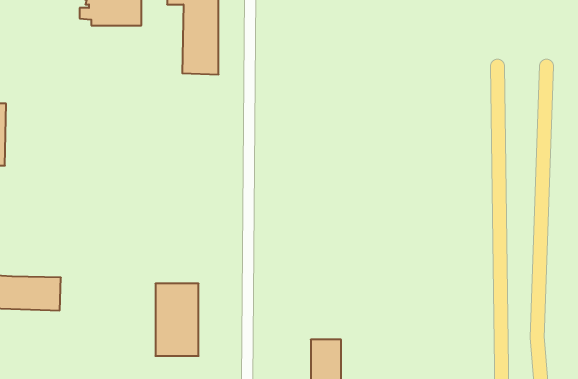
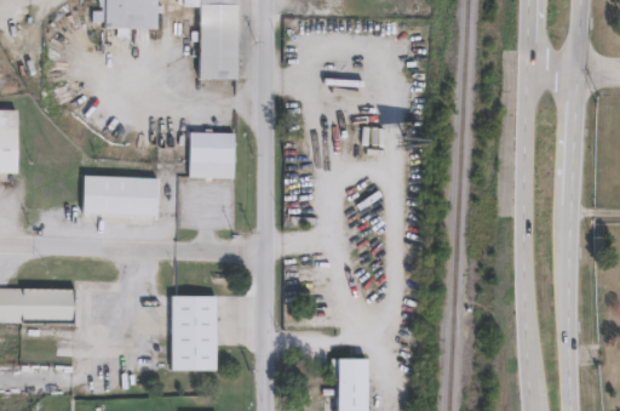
building: none -> [190,132,235,177]
building: none -> [82,175,159,216]

